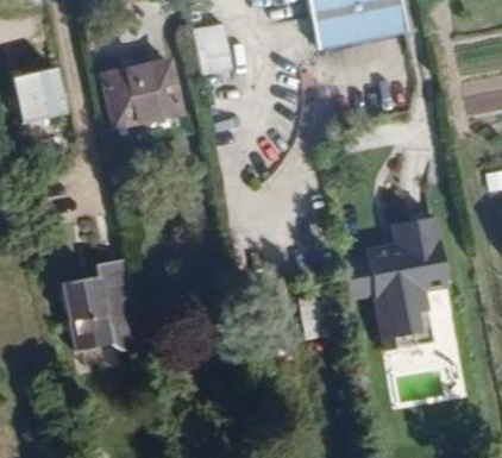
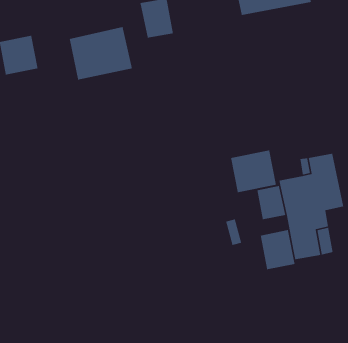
building: none -> [230,150,277,193]
building: [65,263,146,355] -> none
building: none -> [260,229,295,270]

